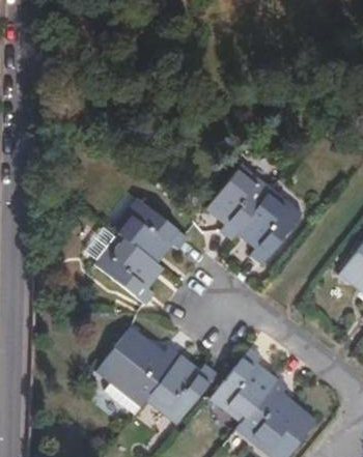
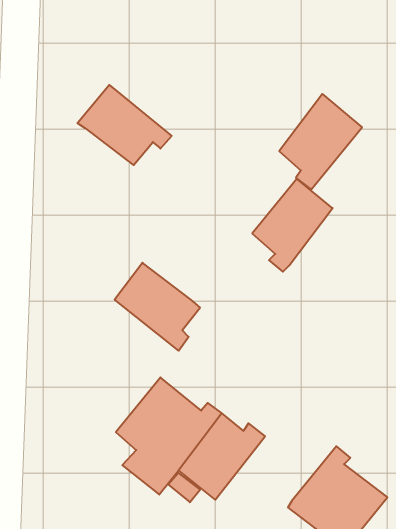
building: [238,188,305,265] -> [279,94,362,189]
building: [112,197,189,262] -> [77,85,172,165]
building: [213,352,276,426] -> none

